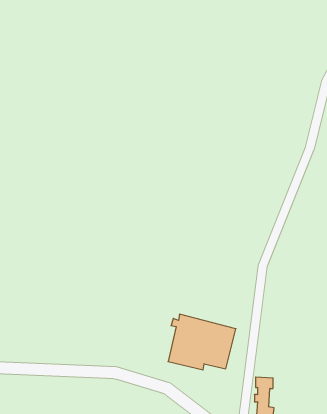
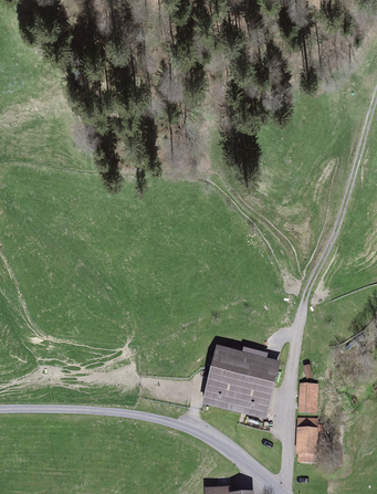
building: none -> [300,382,317,409]

